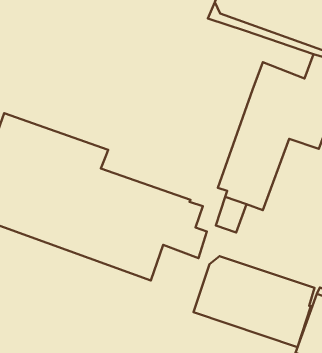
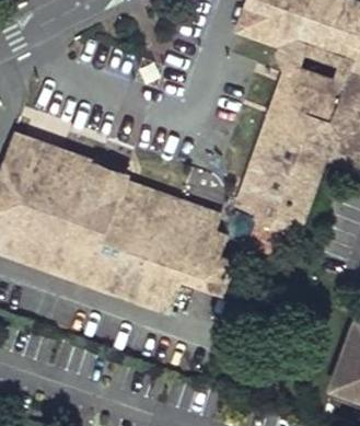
building: none -> [271,44,349,95]
building: [194,256,314,347] -> none

